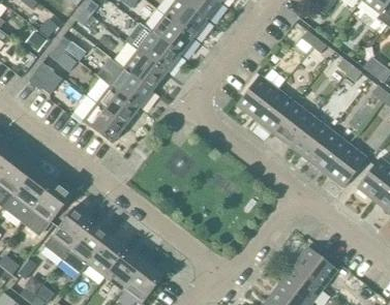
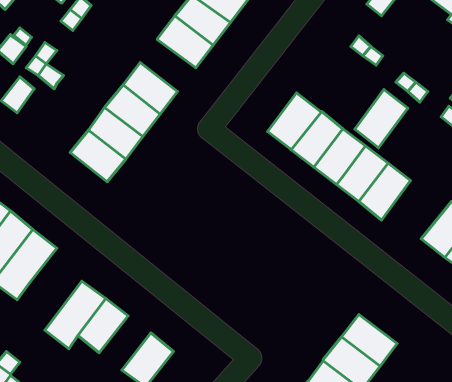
building: [124,24,180,73] -> none
building: [325,143,366,188] -> [355,89,408,148]
building: [43,207,91,260] -> none
building: [104,248,145,291] -> none

